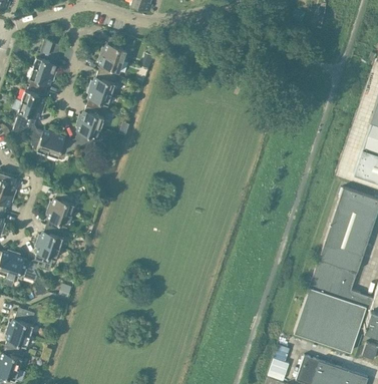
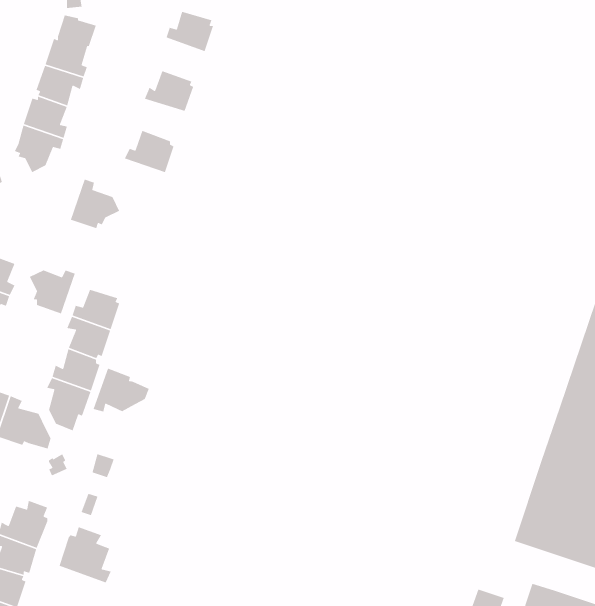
building: [98,53,122,77] -> none
building: [86,87,111,110] -> none
building: [75,120,100,146] -> none
building: [29,129,55,154] -> [29,269,76,315]
building: none -> [92,368,150,413]
building: none -> [59,526,112,583]

